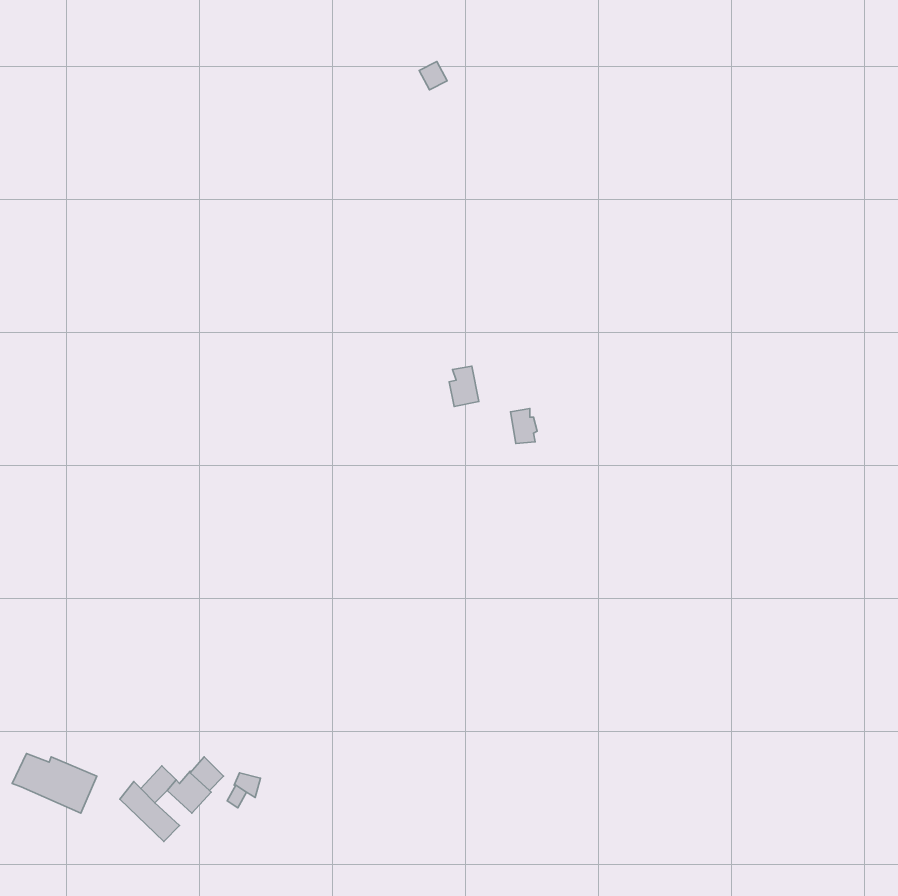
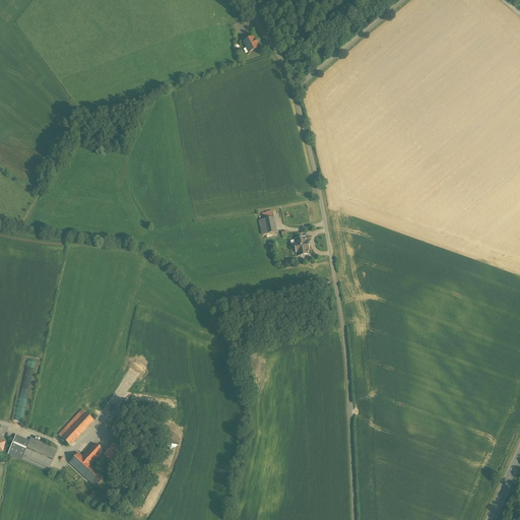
building: none -> [58,408,92,444]

